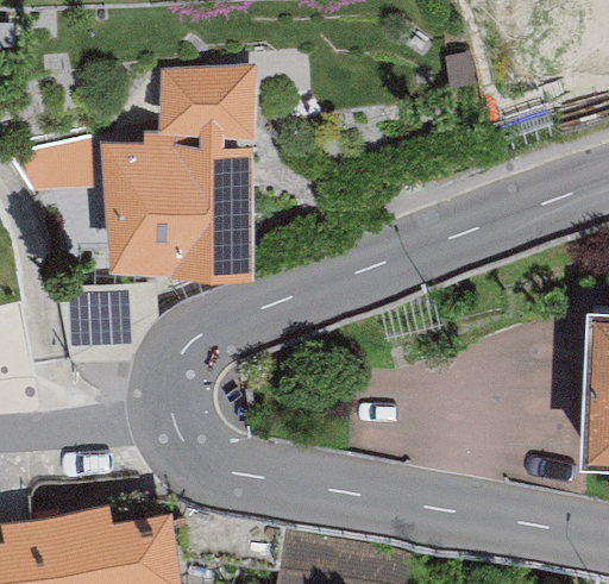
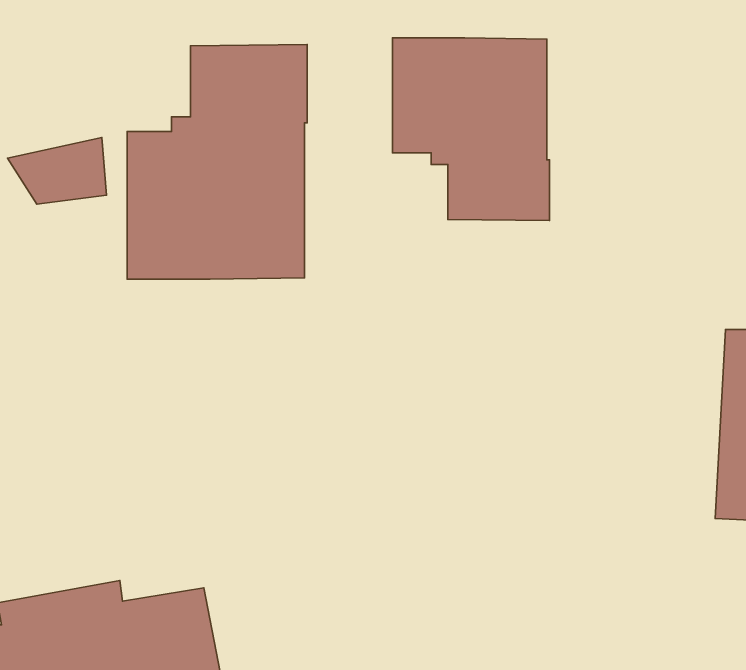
building: none -> [393,38,549,221]

